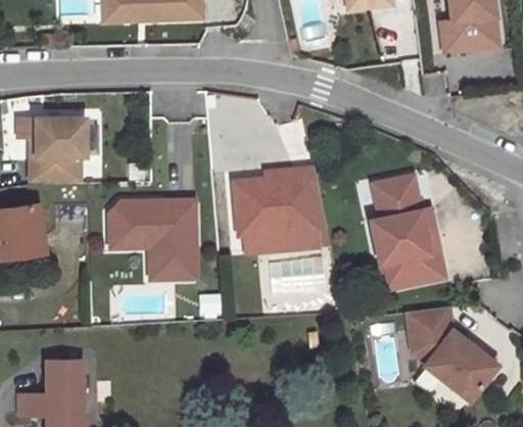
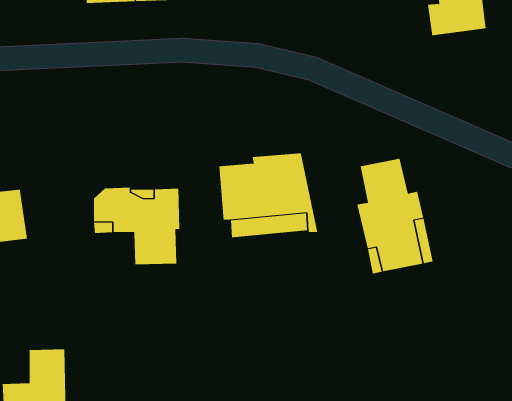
building: [30,121,84,182] -> none
building: [407,305,497,399] -> none

